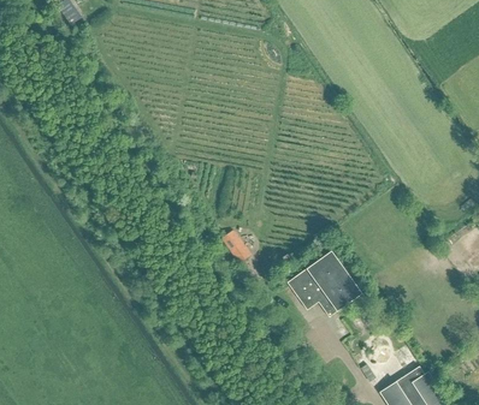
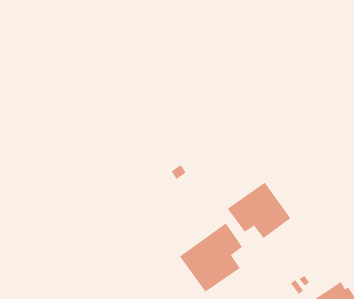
building: none -> [179,222,243,293]

